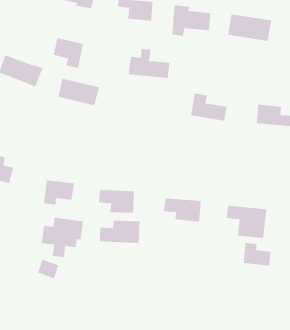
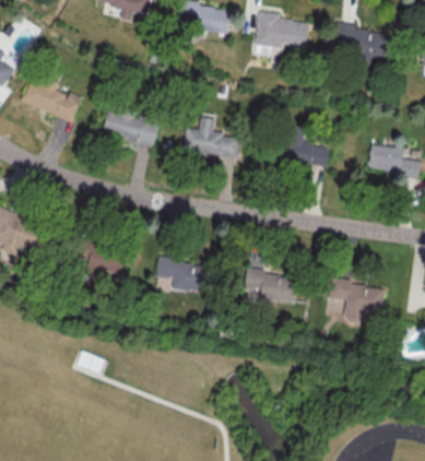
building: [53,37,84,69] -> none
building: [128,49,170,79] -> [182,117,239,157]
building: [41,217,83,258] -> none
building: [100,220,140,244] -> none
building: [243,242,271,267] -> none

